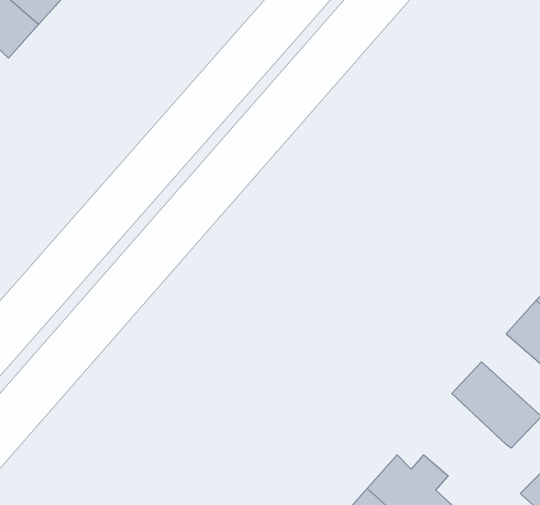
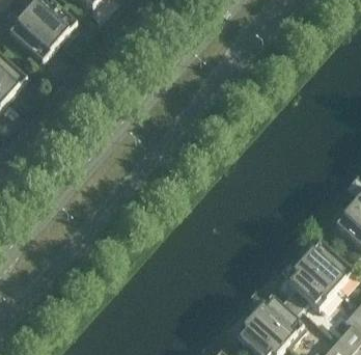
building: none -> [284,261,334,309]

